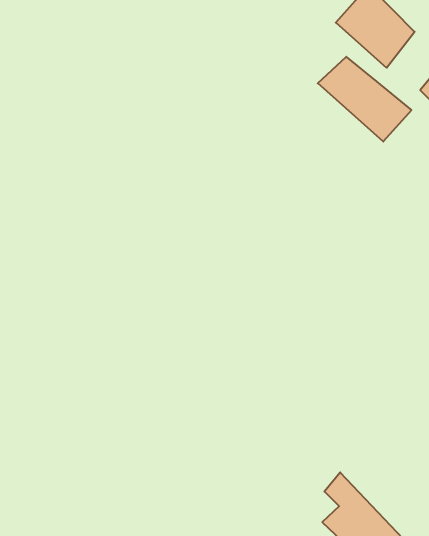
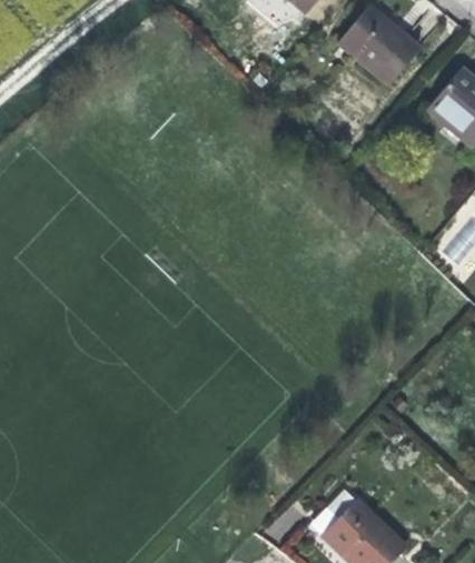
building: [318,57,411,142] -> none

